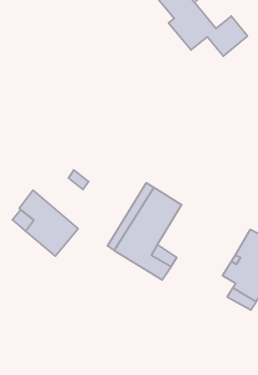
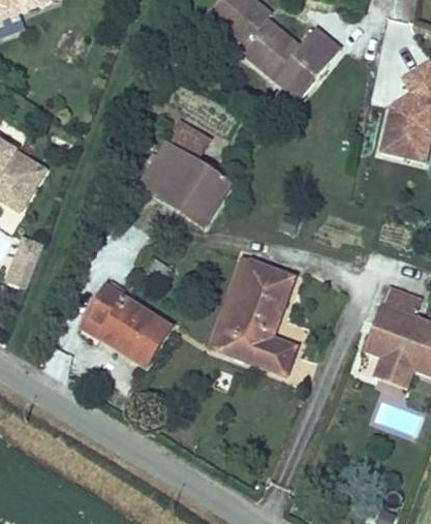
building: none -> [275,57,316,97]
building: none -> [143,117,235,227]

